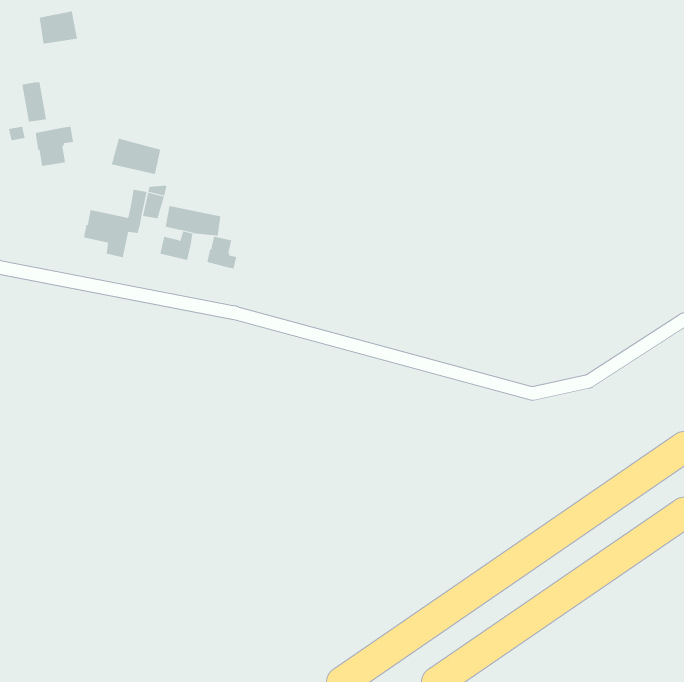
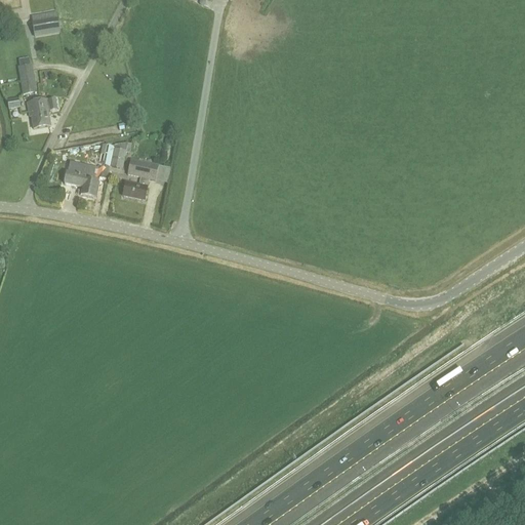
building: [111,138,161,175] -> none
building: [207,236,237,269] -> none

